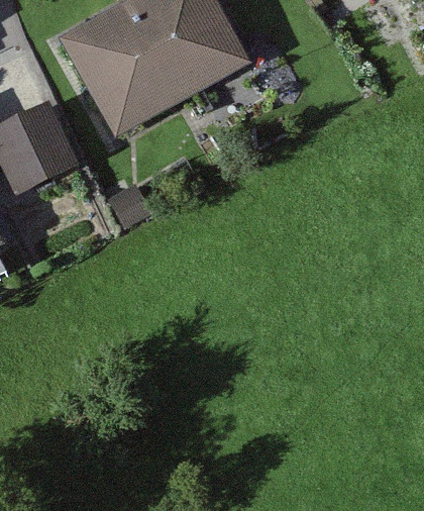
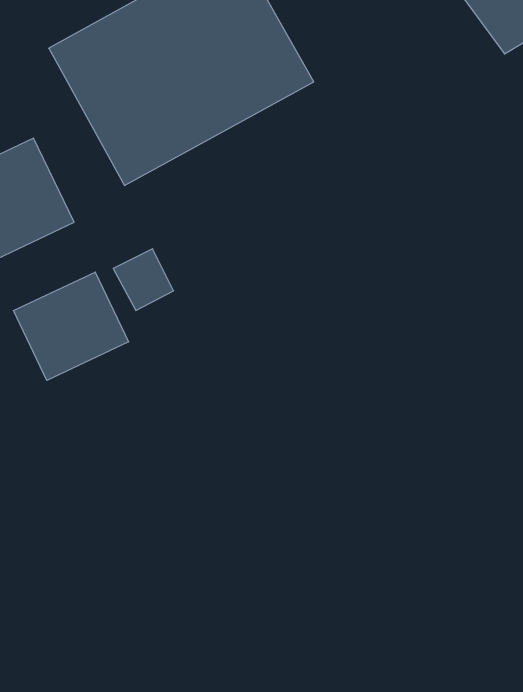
building: none -> [14,272,129,380]

